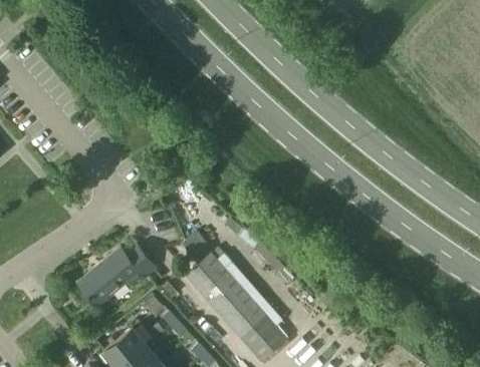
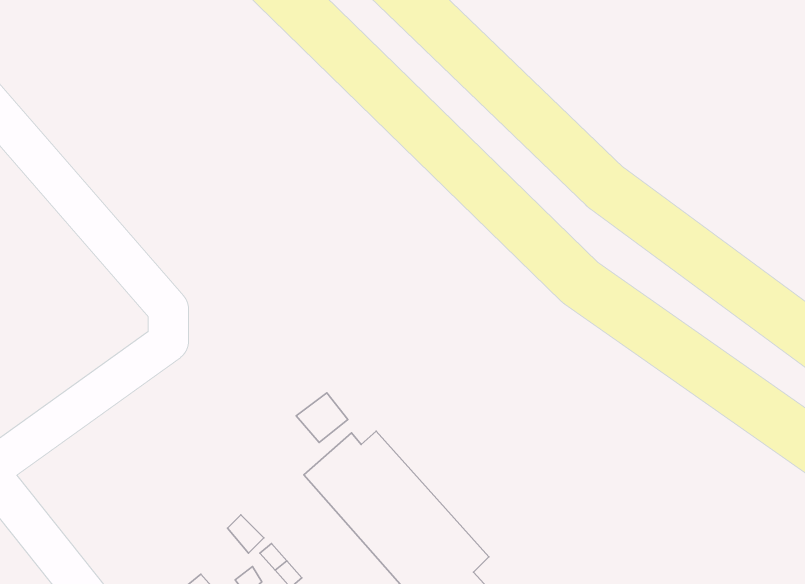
building: [76,247,155,306] -> none

